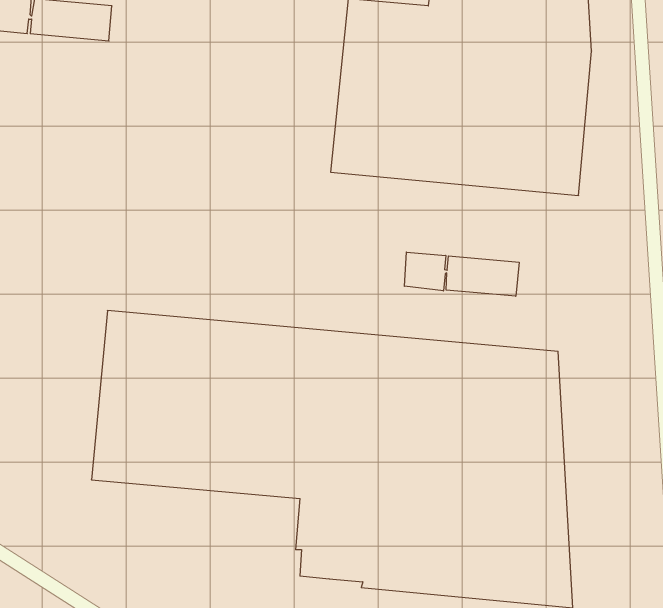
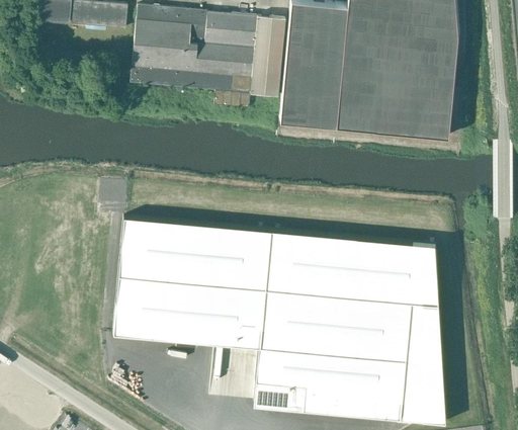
building: none -> [128,8,284,111]
building: [404,252,519,296] -> none

